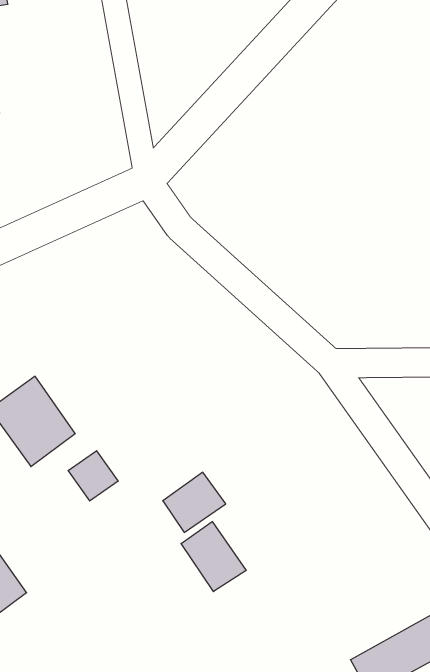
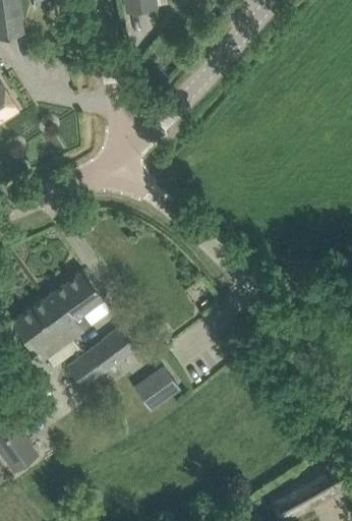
building: none -> [43,271,103,340]
building: none -> [86,329,134,373]
building: [181,522,246,592] -> none

